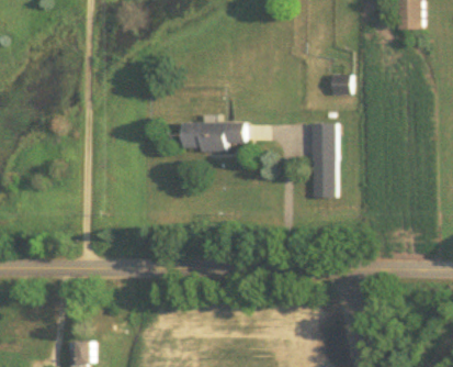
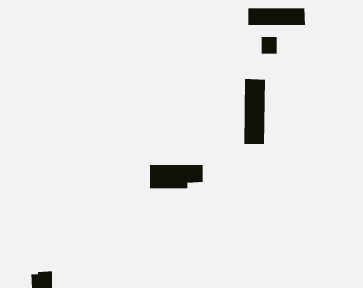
building: none -> [248,7,306,26]
building: [183,123,245,151] -> [149,165,204,189]

